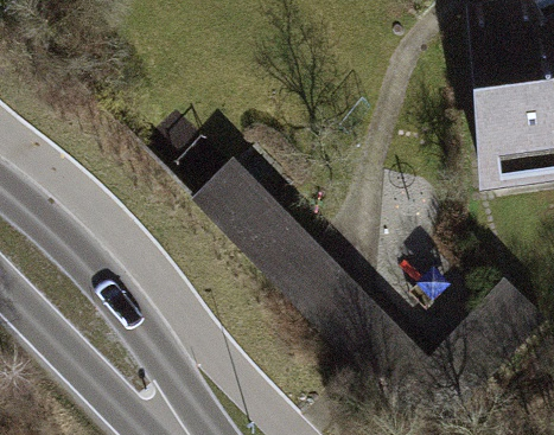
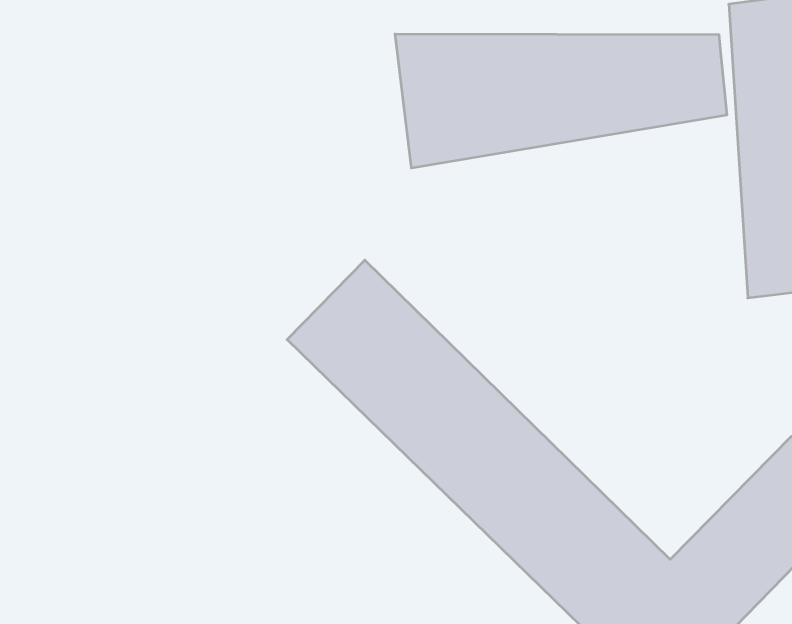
building: none -> [395,34,727,168]

